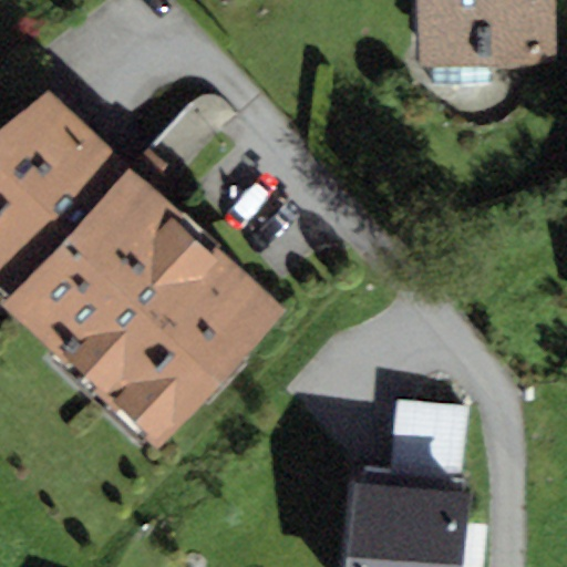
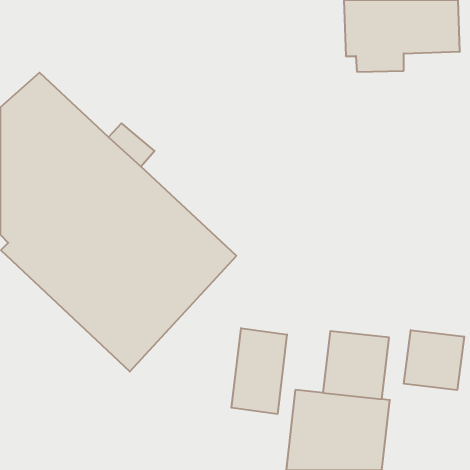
building: none -> [231,328,287,414]
building: none -> [404,330,464,390]

